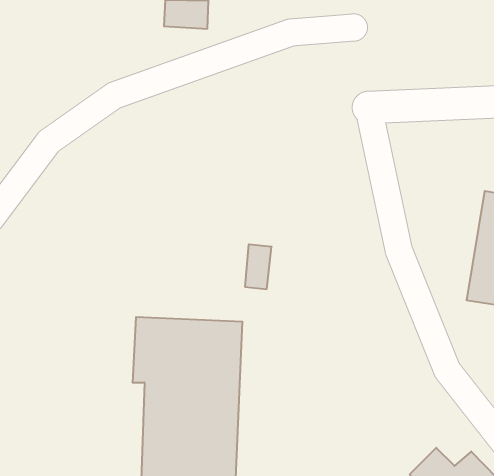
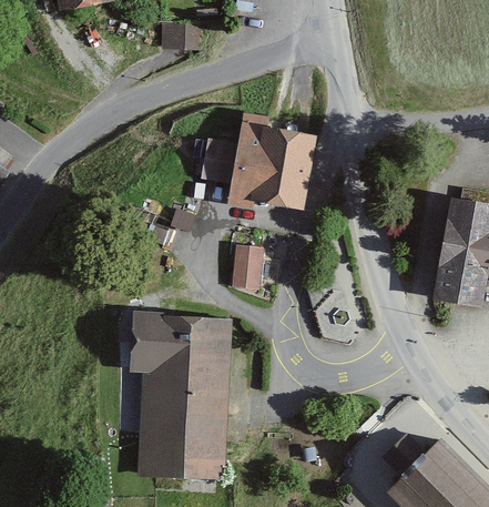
building: none -> [201,114,313,212]

